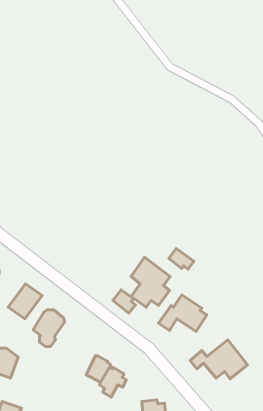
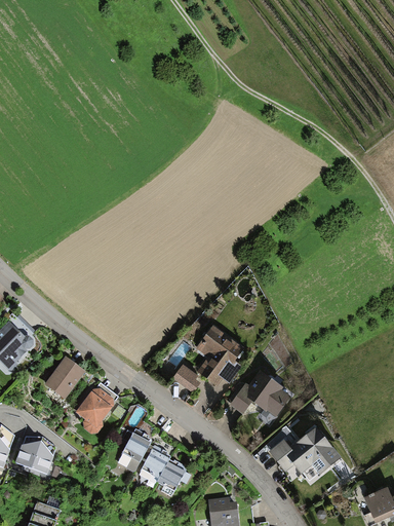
building: [169,249,194,269] -> none
building: none -> [122,428,152,462]

